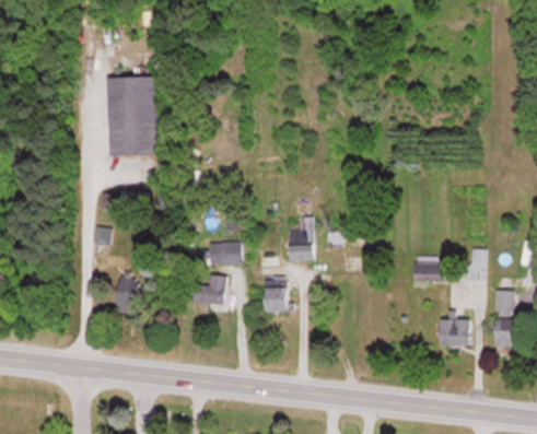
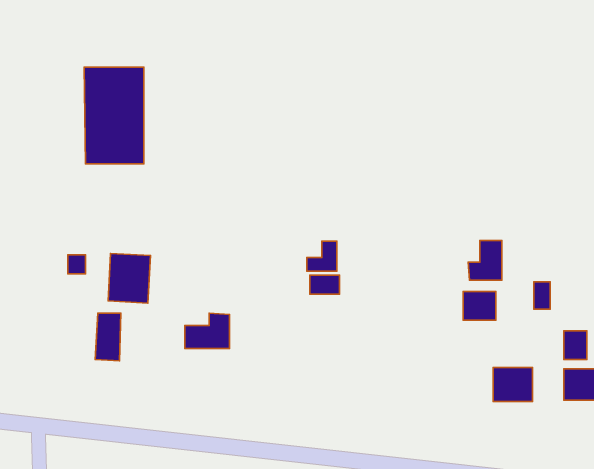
building: none -> [468,240,502,280]
building: none -> [108,253,150,303]
building: [209,243,242,265] -> none
building: [265,279,288,312] -> none

